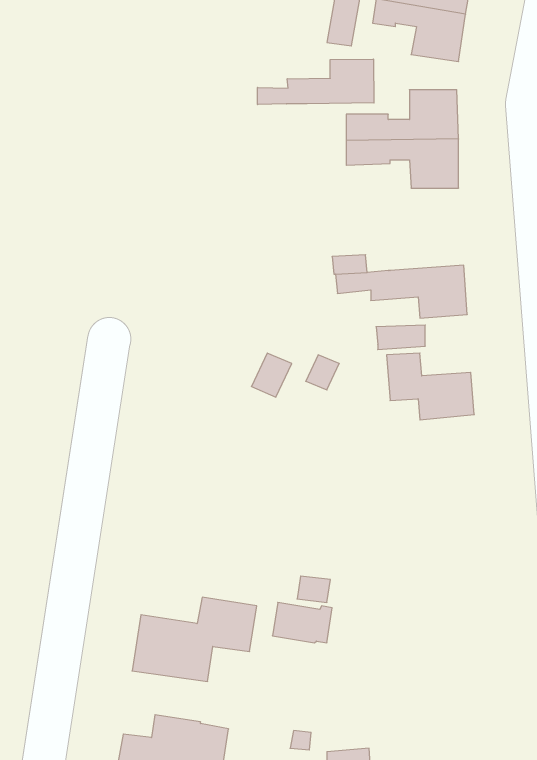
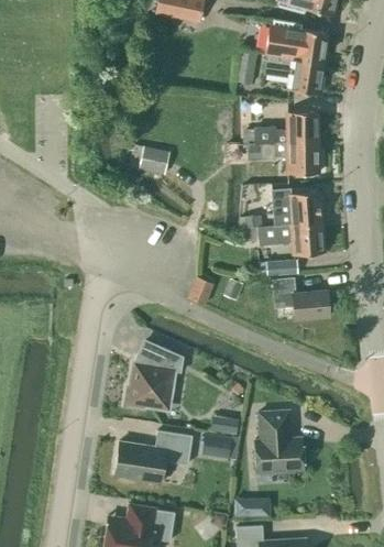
building: [258,59,374,105] -> none
building: none -> [131,144,171,174]
building: none -> [273,189,322,226]
building: none -> [125,340,184,408]
building: none -> [255,411,304,473]
building: none -> [234,497,272,517]

